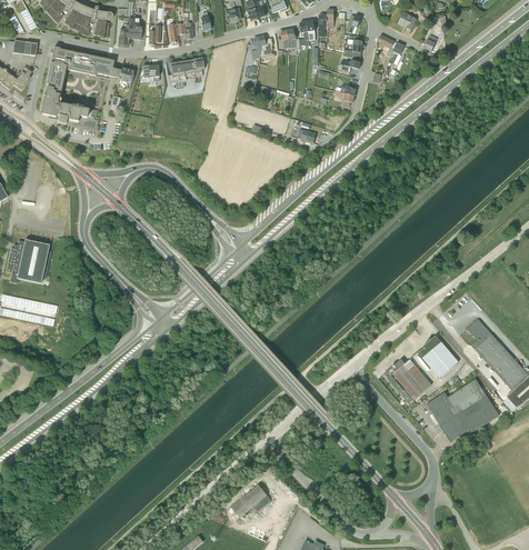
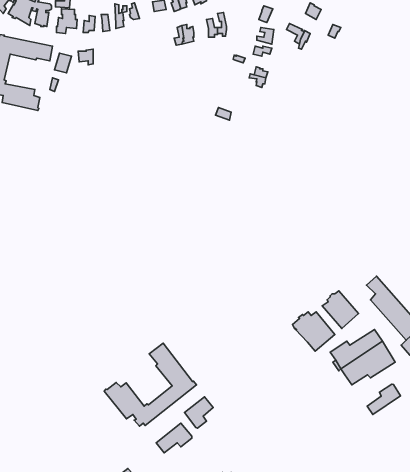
building: [168,58,203,83] -> none
building: none -> [104,343,196,426]
building: none -> [367,384,401,414]
building: none -> [184,397,213,428]

